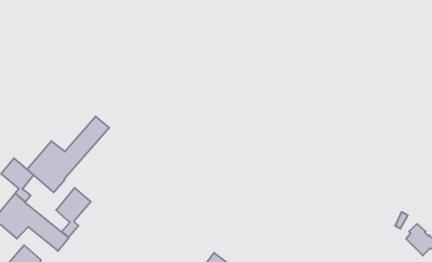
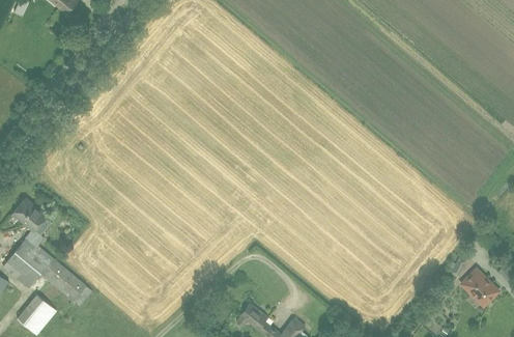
building: [27,116,109,192] -> none
building: [56,188,91,237] -> none

